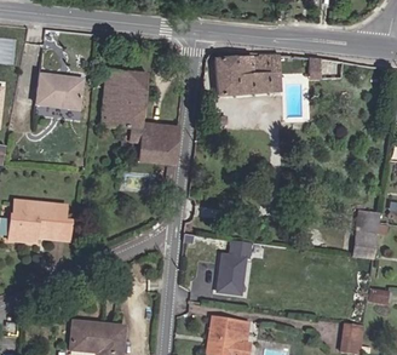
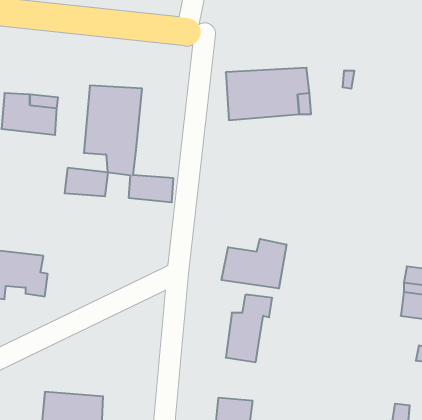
building: [140,125,176,148] -> [65,168,108,196]
building: none -> [222,239,286,289]

